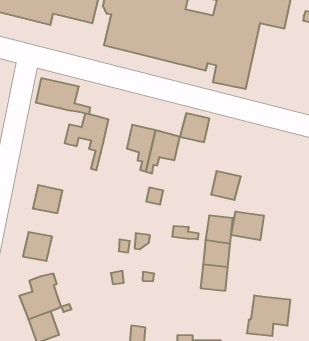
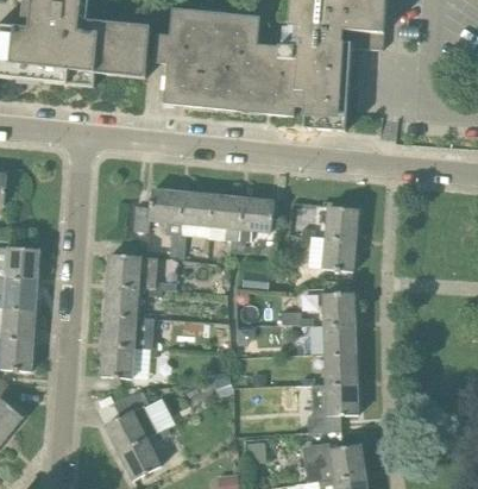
building: [36,78,90,114] -> [108,253,176,289]
building: [180,113,209,142] -> [325,206,358,238]
building: none -> [181,192,213,224]
building: none -> [105,314,158,347]
building: [231,211,264,240] -> none
building: [247,295,290,336] -> [309,381,358,430]

